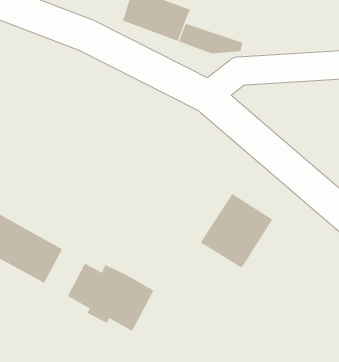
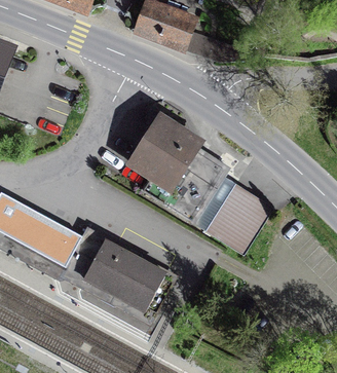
building: none -> [130,116,224,219]

